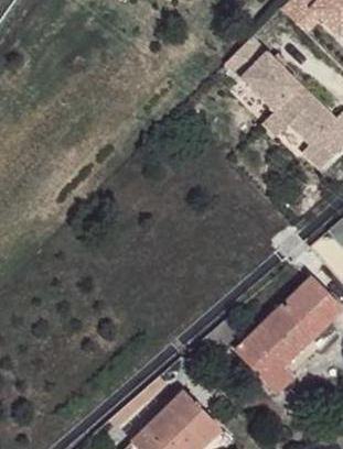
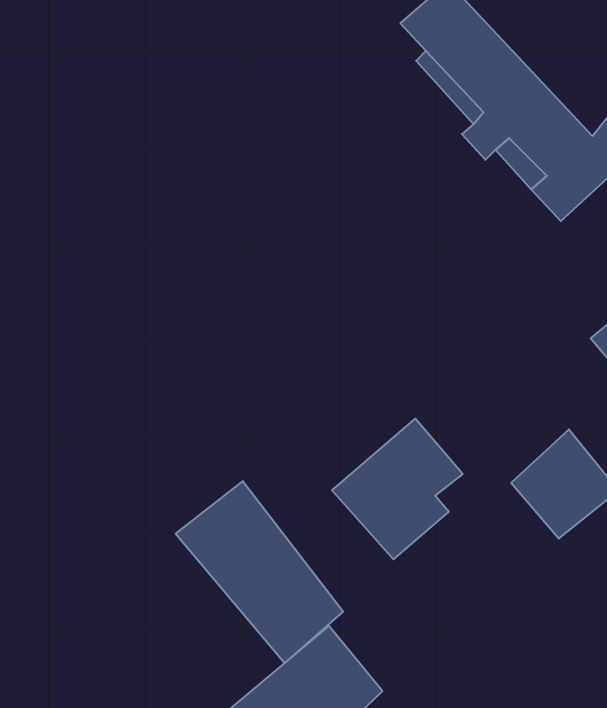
building: none -> [176,481,343,663]
building: [240,308,313,386] -> [332,419,463,559]

